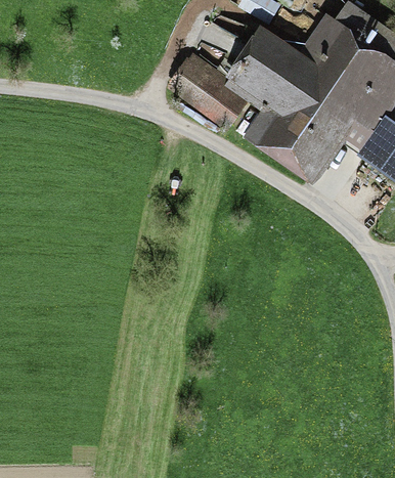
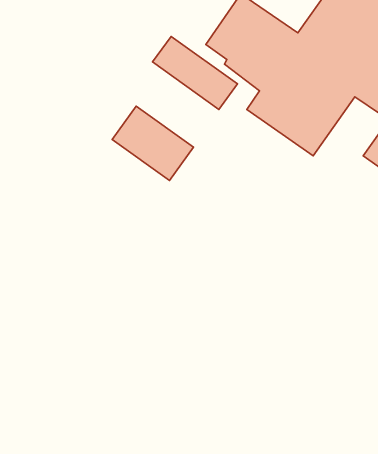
building: none -> [112,106,193,181]

